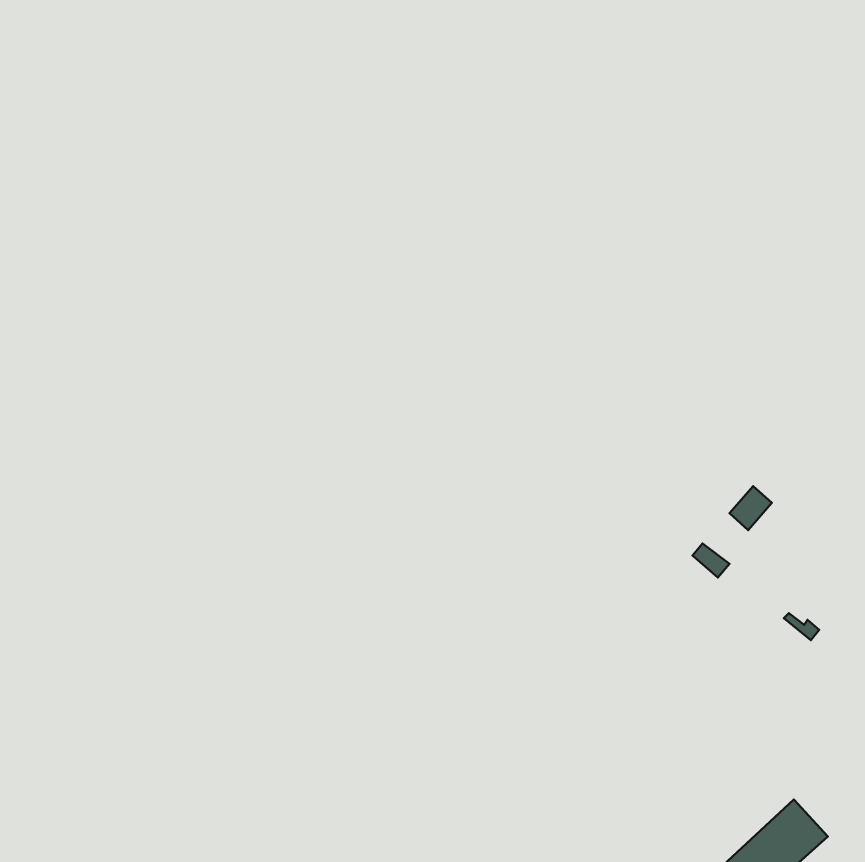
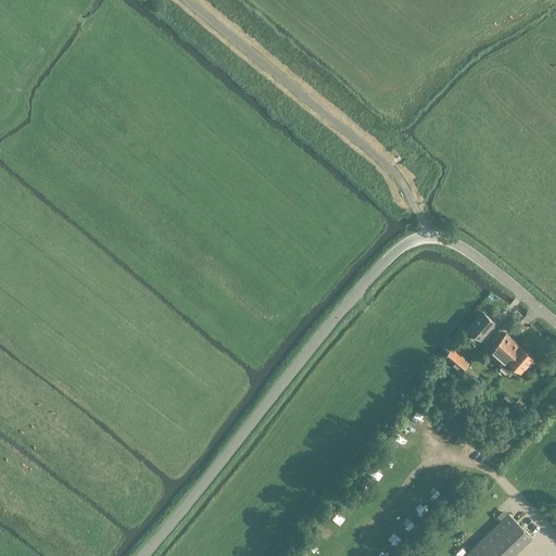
building: none -> [490,334,533,375]

